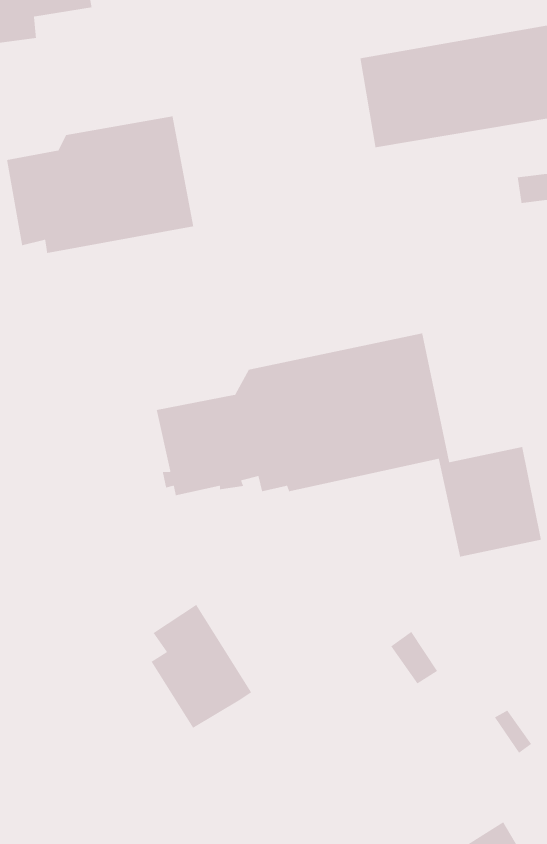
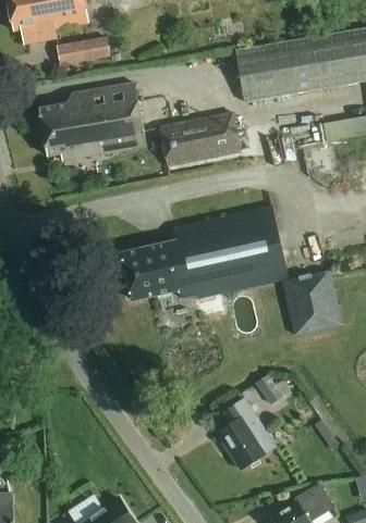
building: none -> [57,37,110,65]
building: none -> [159,111,240,166]
building: [150,604,252,729] -> [217,397,274,468]

